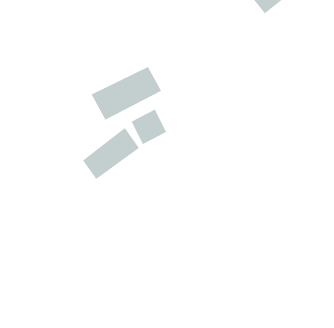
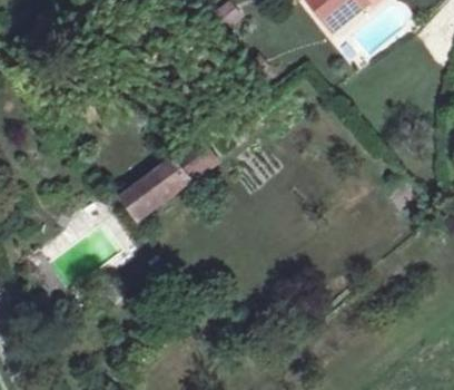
building: [91,66,162,121] -> none

